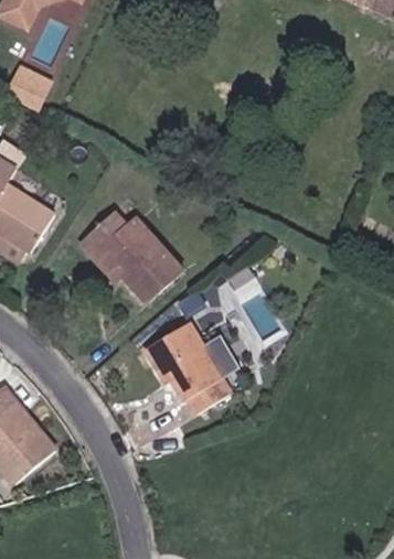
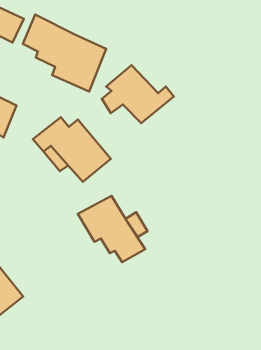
building: none -> [23,15,106,92]
building: none -> [102,65,174,123]

